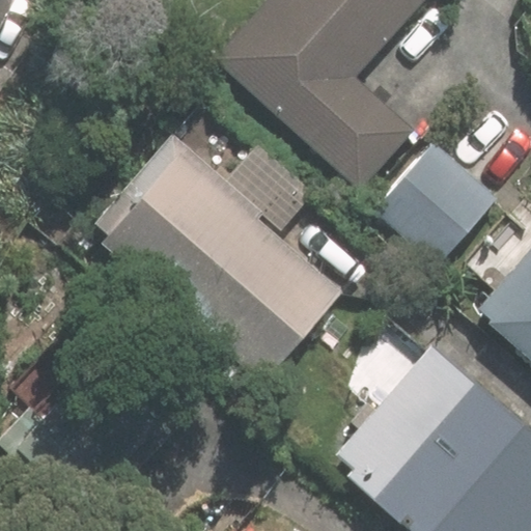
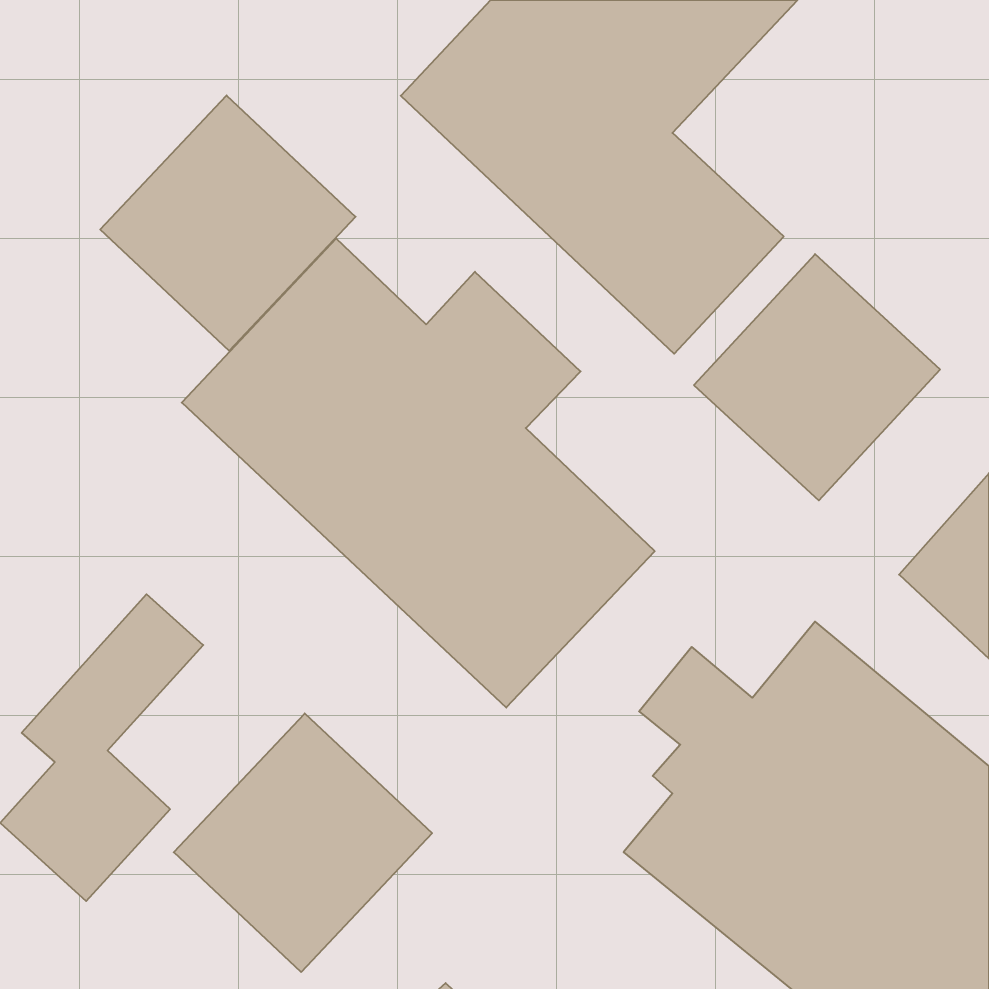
building: none -> [100,95,356,351]
building: none -> [174,713,432,972]

